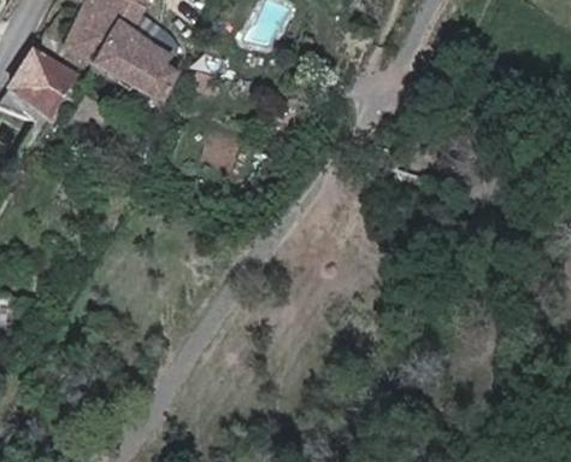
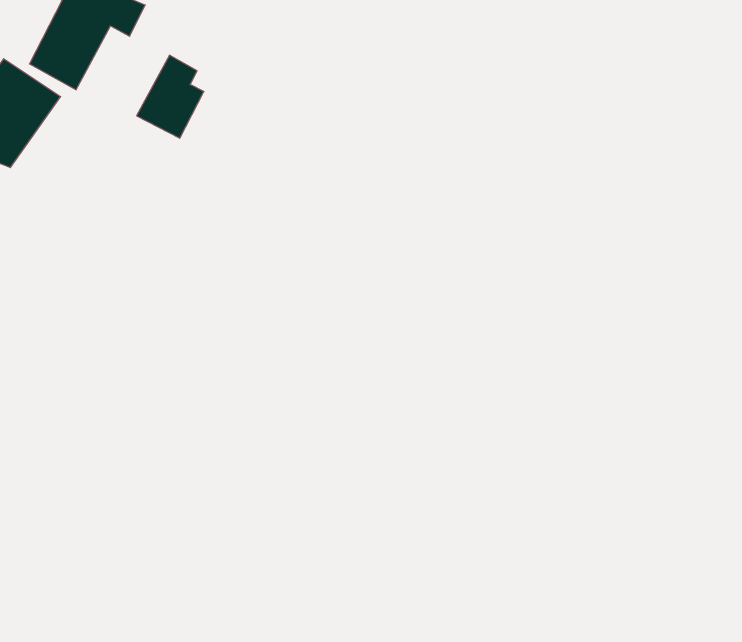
building: [93,21,157,83] -> none

